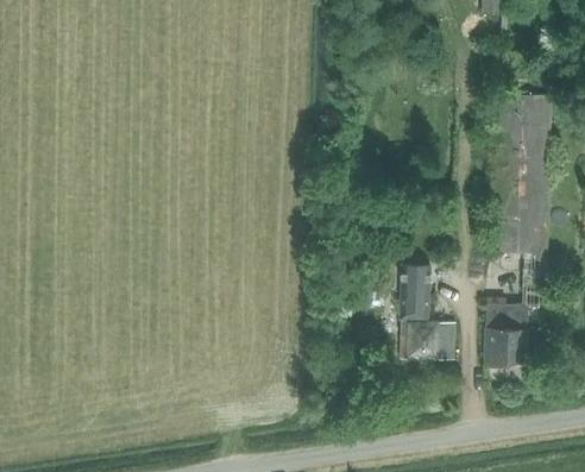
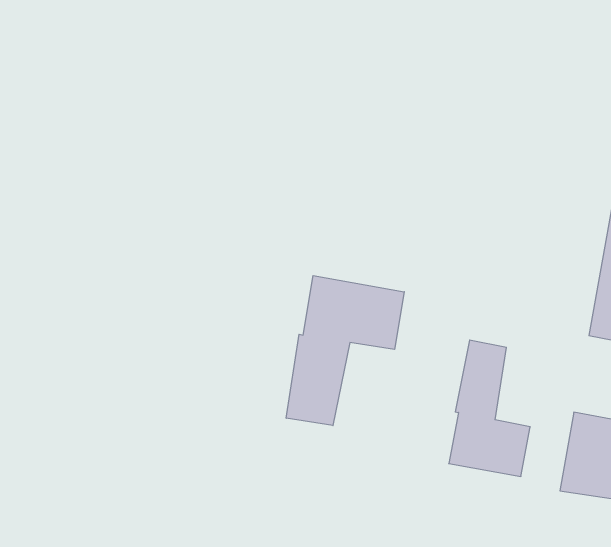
building: none -> [286,276,404,426]

